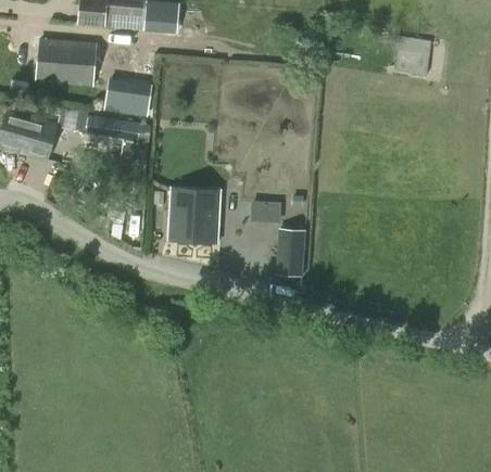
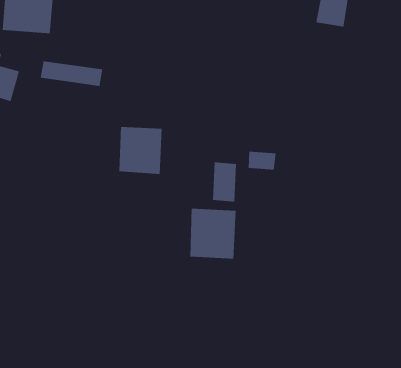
building: [105,78,150,113] -> none
building: [255,199,288,220] -> [248,151,276,170]
building: none -> [190,208,236,259]

